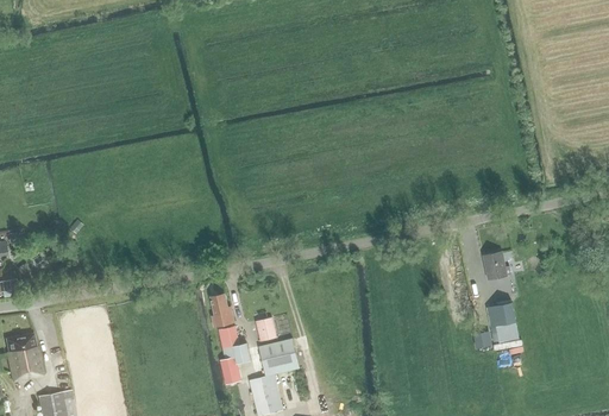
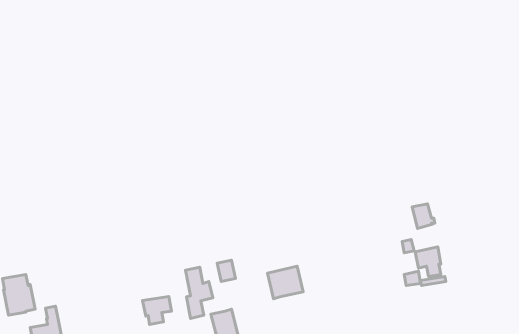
building: [211,292,234,326] -> none
building: [258,338,300,376] -> [267,266,303,299]
building: none -> [143,296,171,325]

